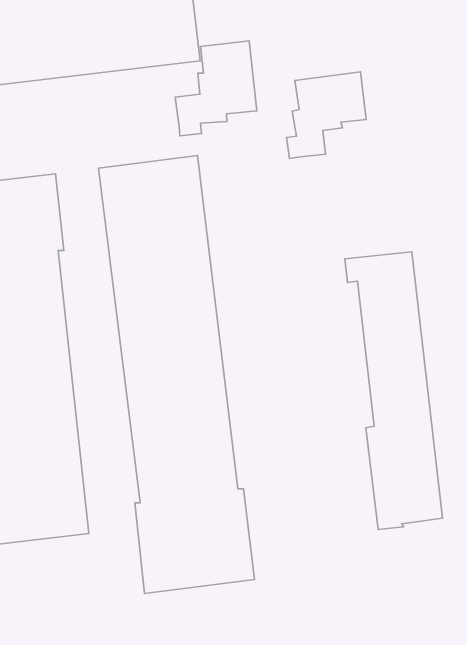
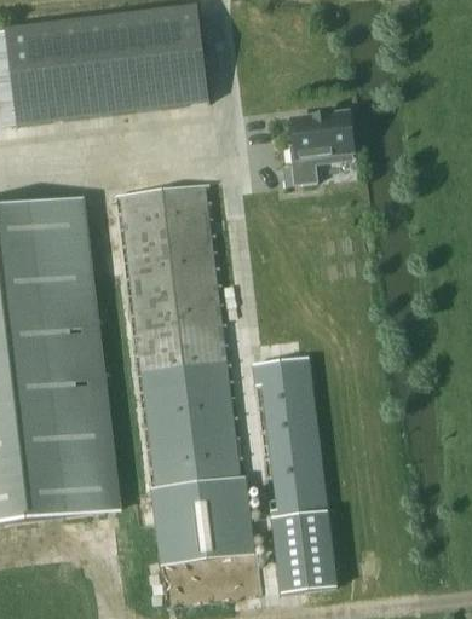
building: [175,41,257,136] -> none
building: [345,252,442,529] -> [251,352,335,592]

